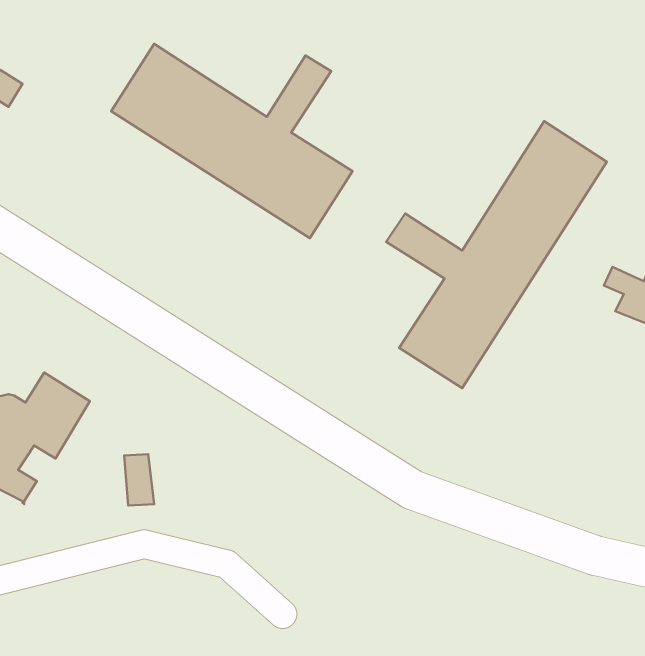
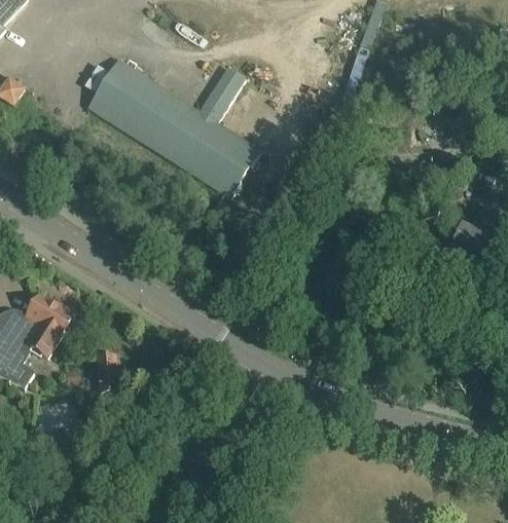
building: [386,121,607,388] -> none

